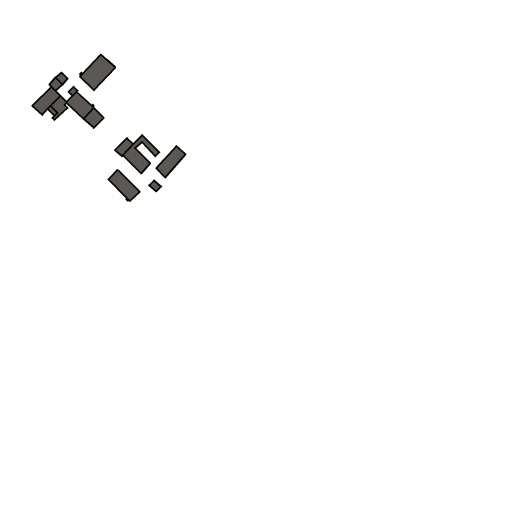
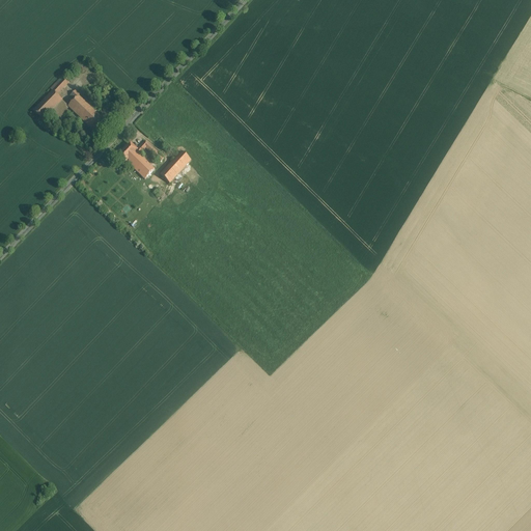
building: [80,55,115,90] -> none
building: [108,170,140,201] -> none

